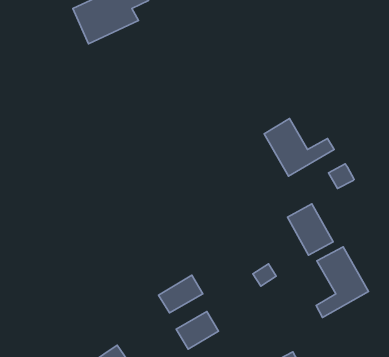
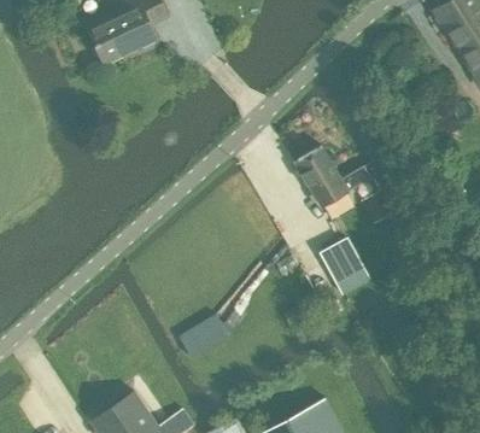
building: [316,247,369,317] -> none
building: [176,311,219,349] -> none

